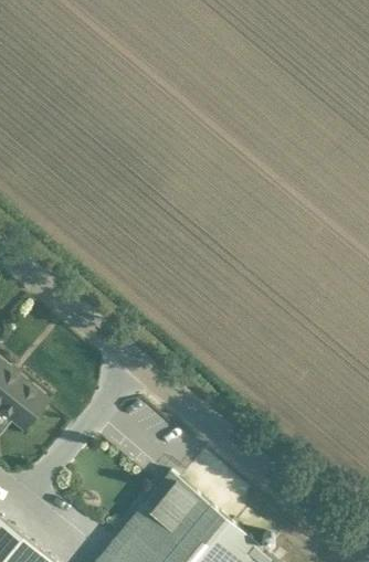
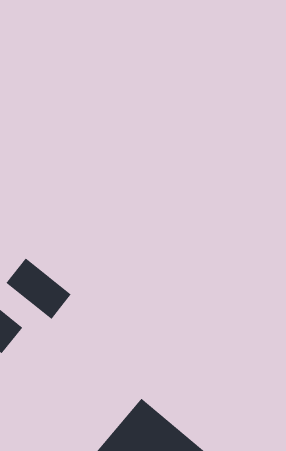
building: none -> [6,258,72,320]

